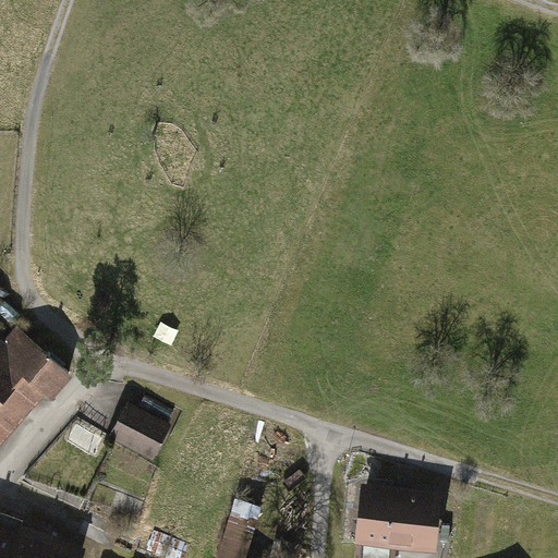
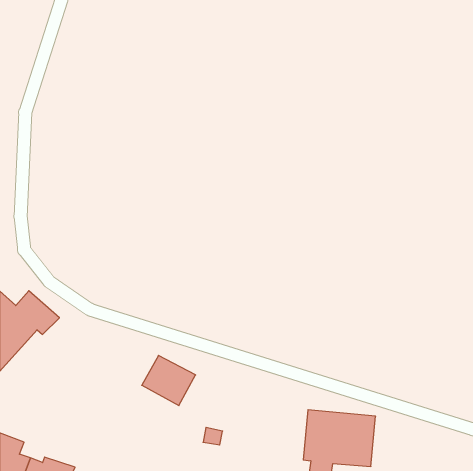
building: [109,407,172,465] -> [142,355,196,406]

